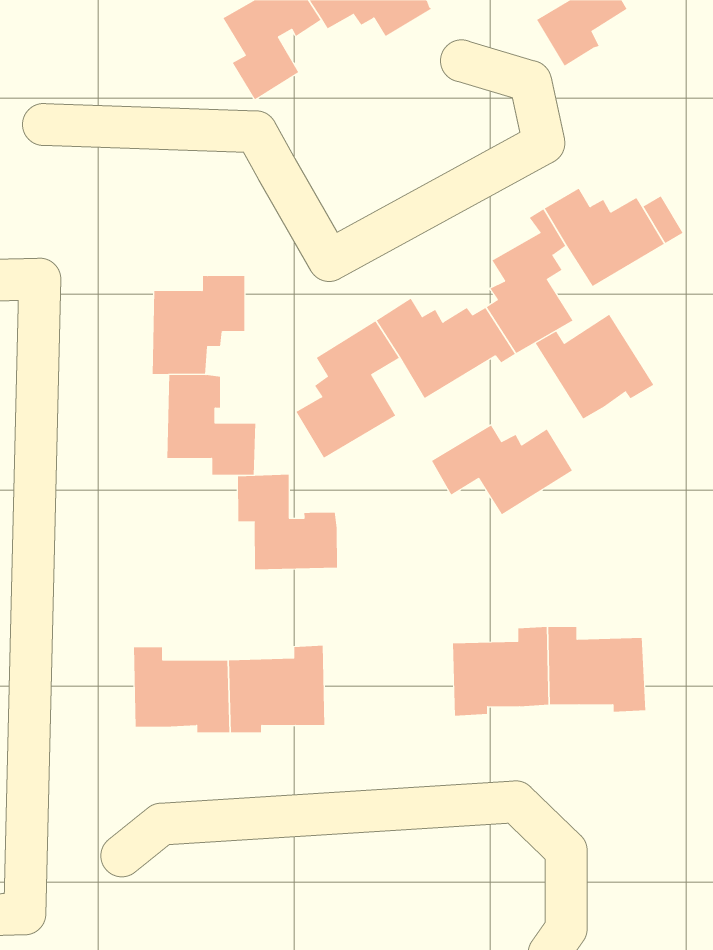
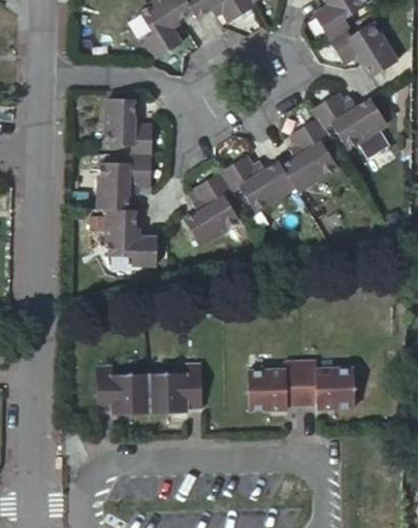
building: none -> [327,24,393,77]
building: none -> [105,98,151,154]
building: [535,314,654,420] -> none
building: [431,425,573,515] -> none
building: [238,474,337,570] -> none

